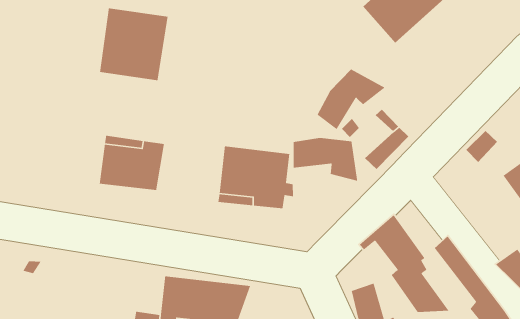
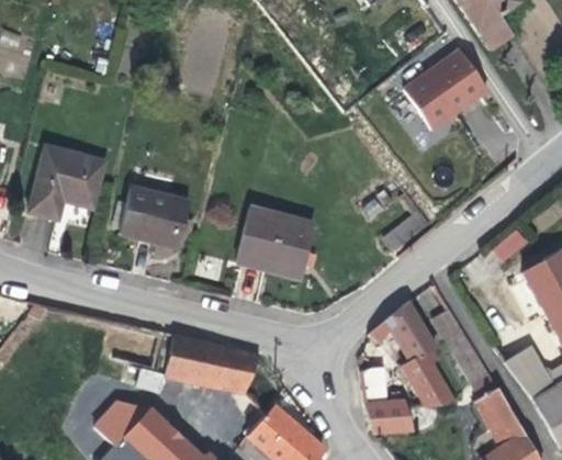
building: [99,8,168,81] -> [30,143,105,222]
building: [316,69,386,130] -> none
building: [293,137,358,182] -> none

